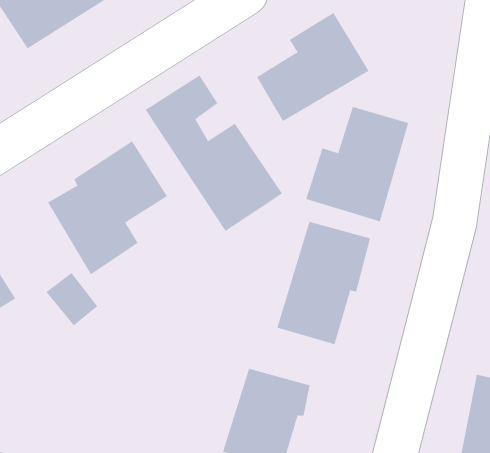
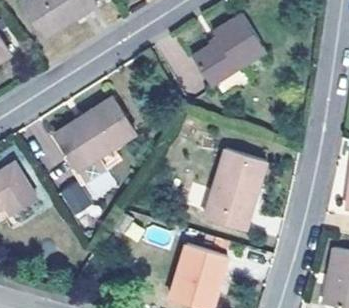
building: [145,74,283,232] -> none
building: [306,106,409,222] -> none

